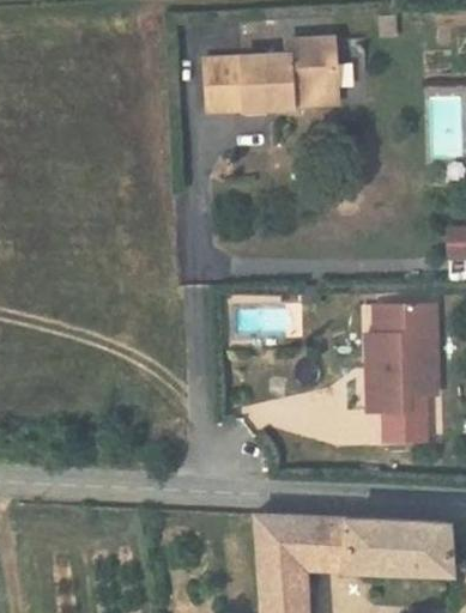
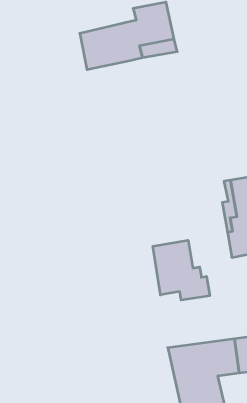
building: none -> [153,240,210,300]

